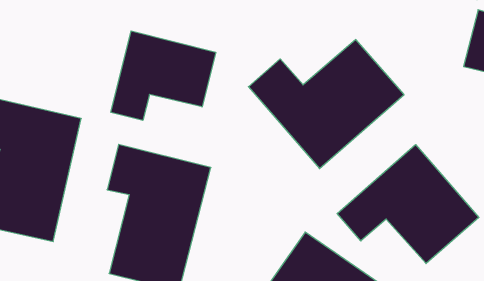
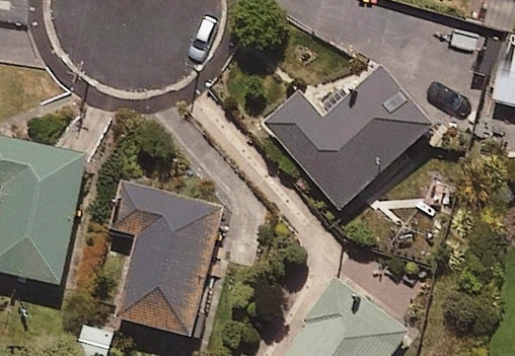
building: [111,31,216,120] -> none
building: [337,145,479,264] -> none

